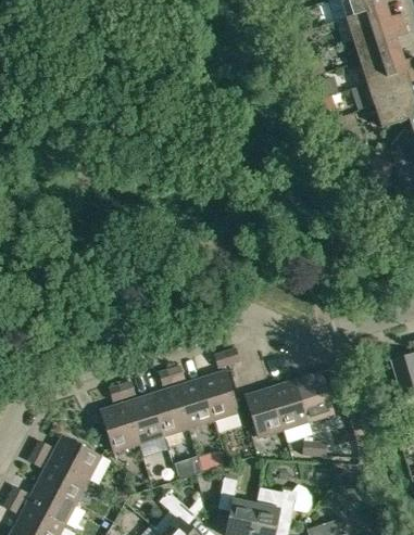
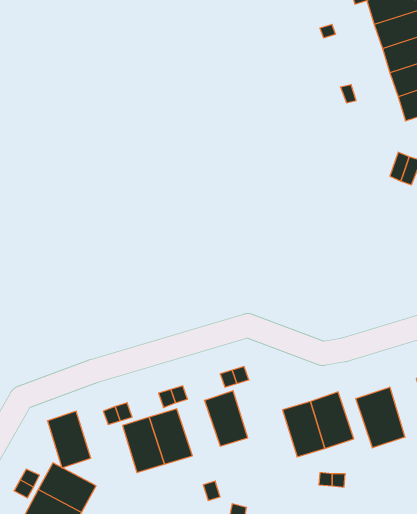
building: none -> [356,387,405,448]
building: [175,378,214,428] -> none
building: [244,386,284,436] -> none
building: [100,400,139,451] -> [47,411,91,468]

